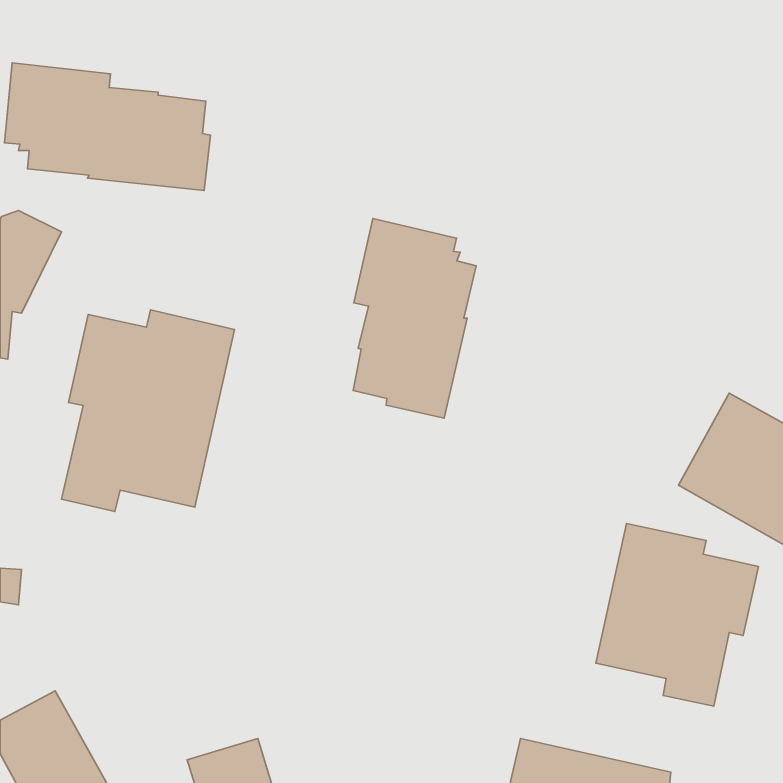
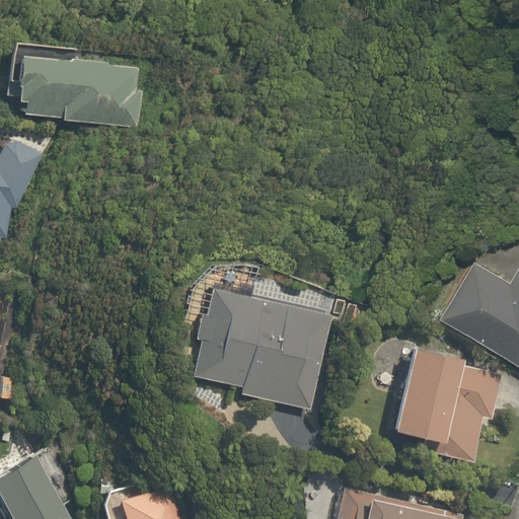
building: [353,218,476,418] -> none
building: [61,310,235,511] -> none
building: none -> [191,289,328,409]

